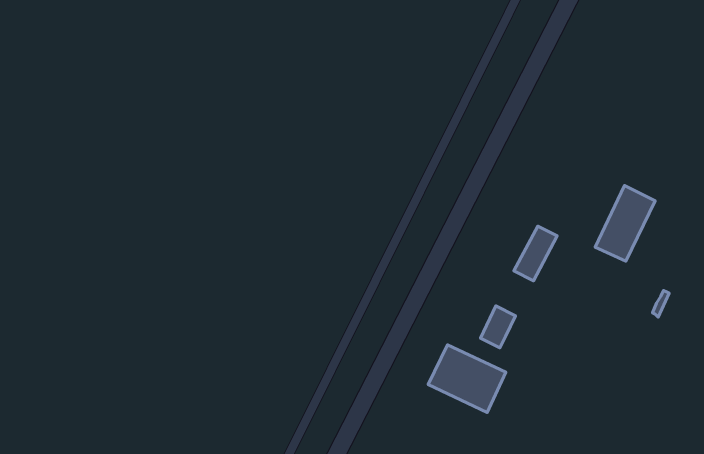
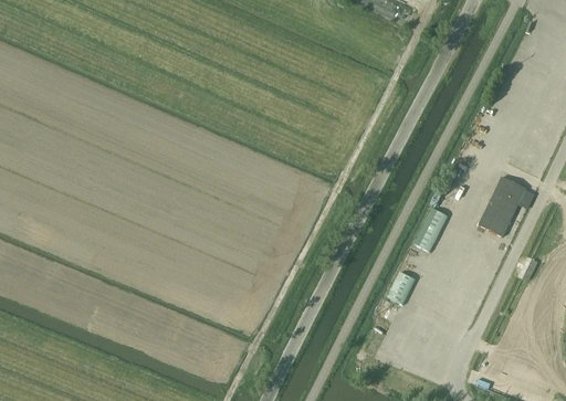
building: [428,345,506,413] -> none

